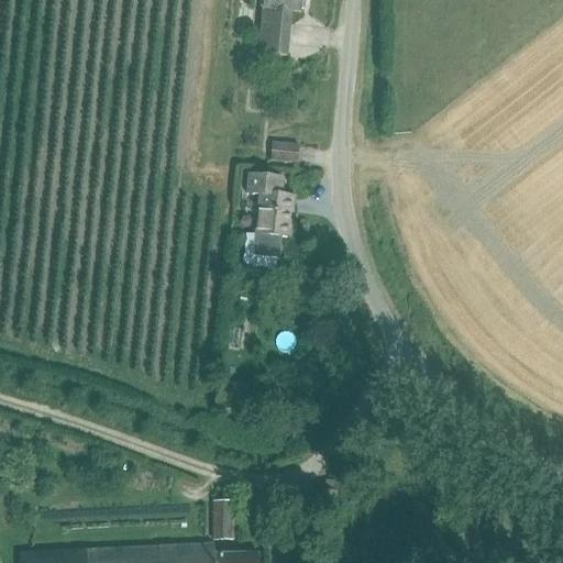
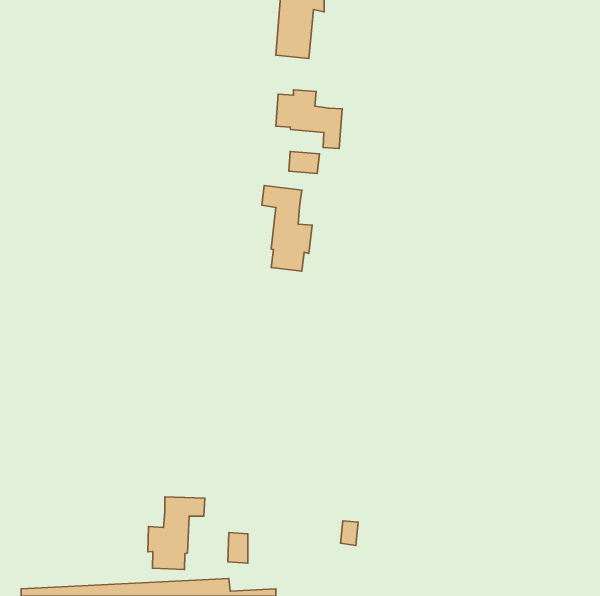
building: none -> [276,90,342,149]
building: none -> [148,497,205,570]

